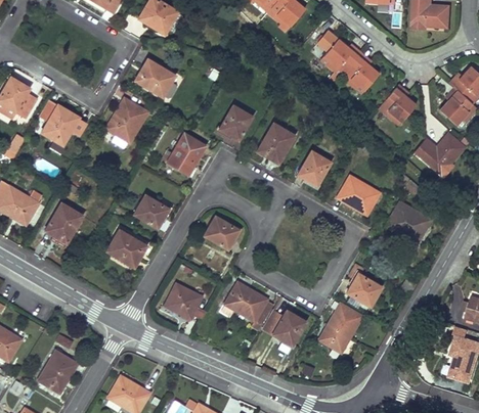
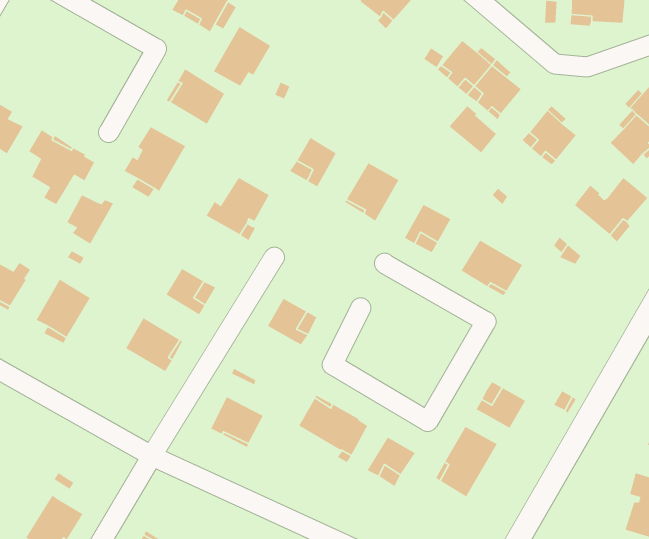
building: none -> [213,26,271,87]
building: none -> [449,105,497,154]
building: none -> [66,194,114,245]
building: [386,201,431,244] -> none

